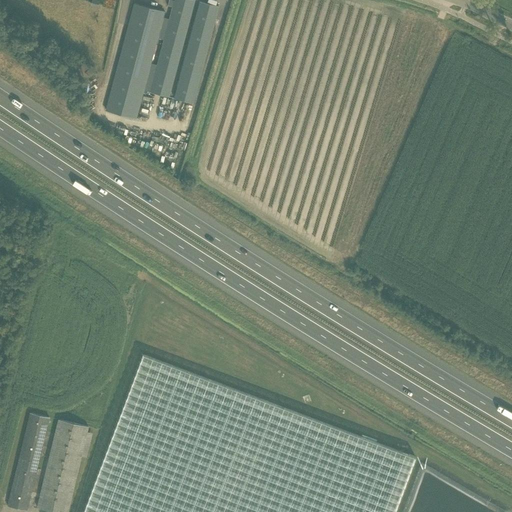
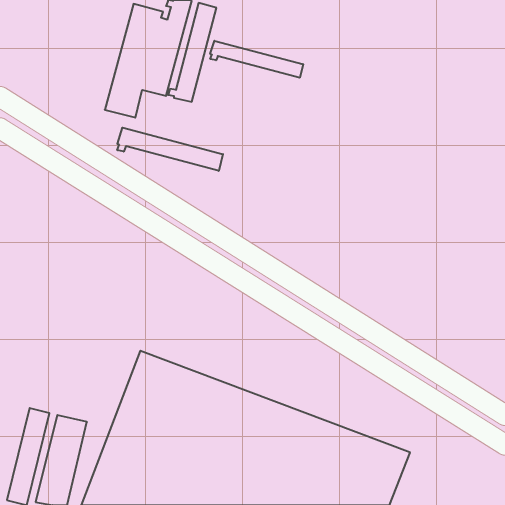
building: none -> [210,41,303,78]
building: none -> [117,128,223,171]

